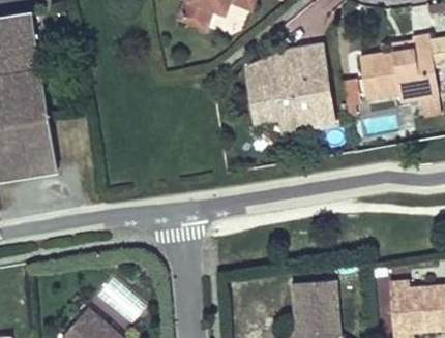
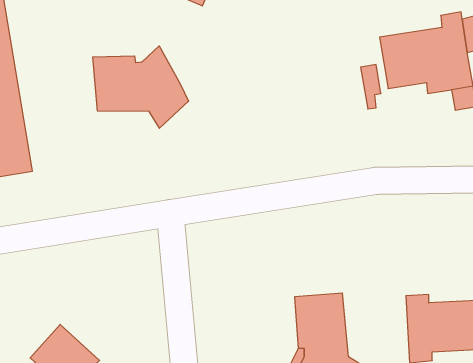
building: [245,43,337,137] -> none
building: none -> [93,46,189,128]

